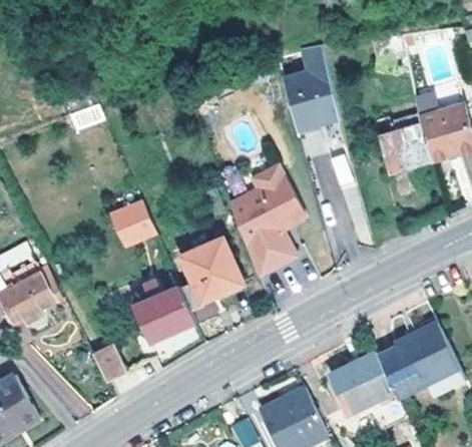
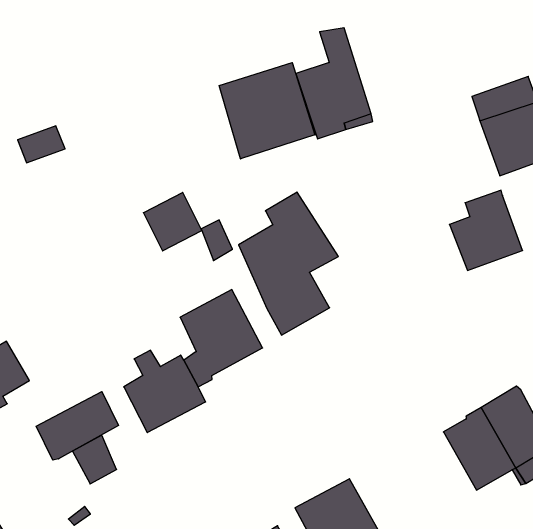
building: none -> [219,63,315,159]
building: [377,113,432,173] -> [449,190,523,270]
building: [111,203,155,248] -> [143,192,202,251]
building: none -> [36,392,118,460]
building: [330,352,395,412] -> none

